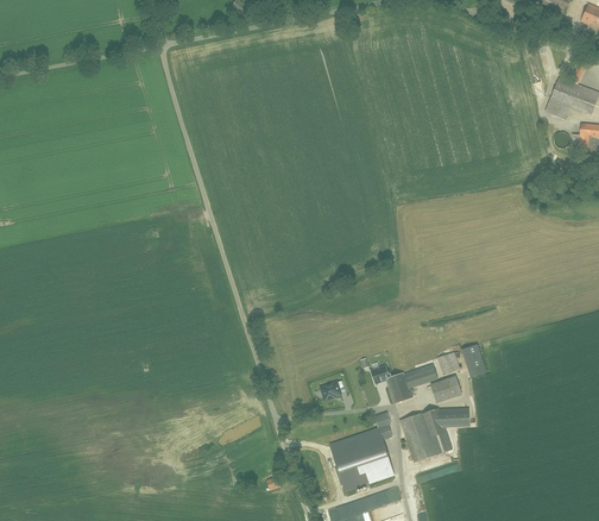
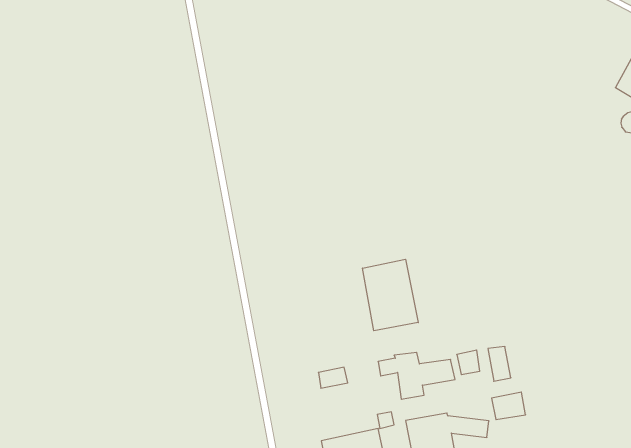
building: none -> [363,259,418,331]
building: [431,376,462,402] -> [492,392,526,420]

